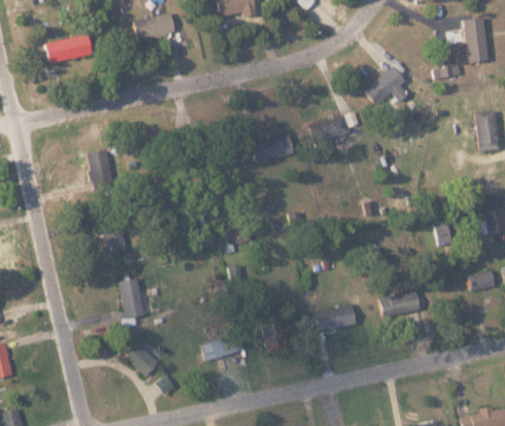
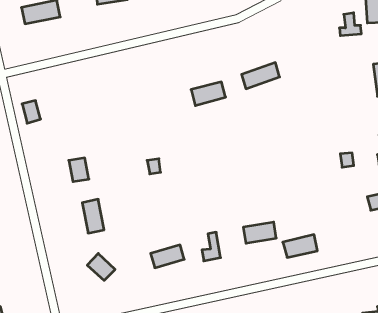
building: [363,65,408,105] -> none
building: [88,150,110,177] -> [22,101,41,123]
building: [378,290,420,318] -> [283,235,317,257]

